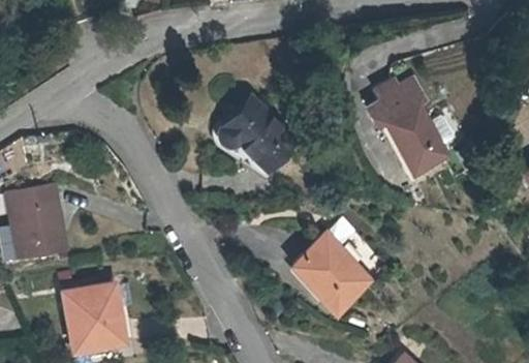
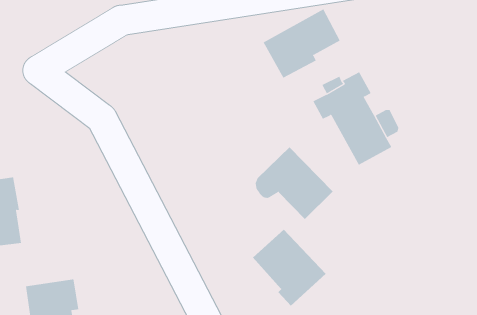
building: none -> [263,8,340,79]
building: [218,101,298,176] -> [255,146,334,220]

